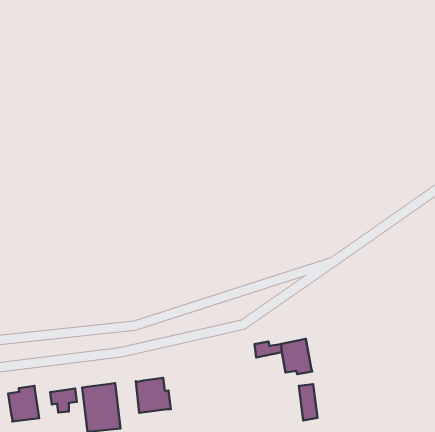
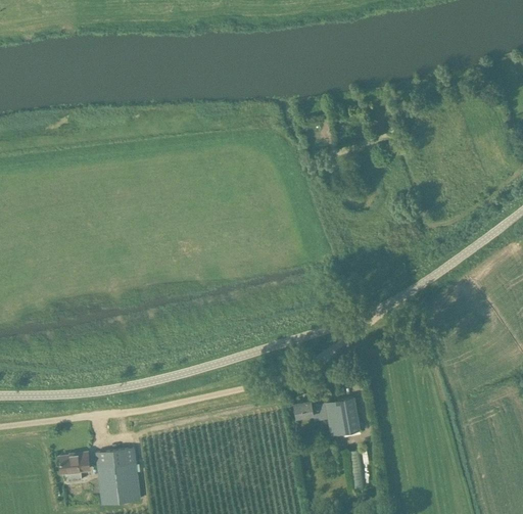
building: [136,378,171,413] -> none
building: [8,386,39,421] -> none

